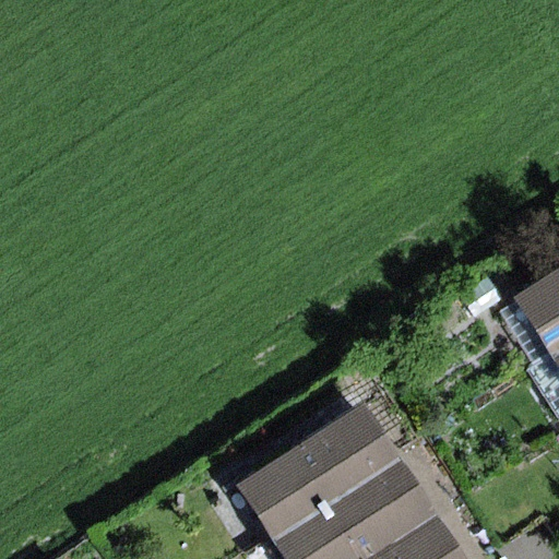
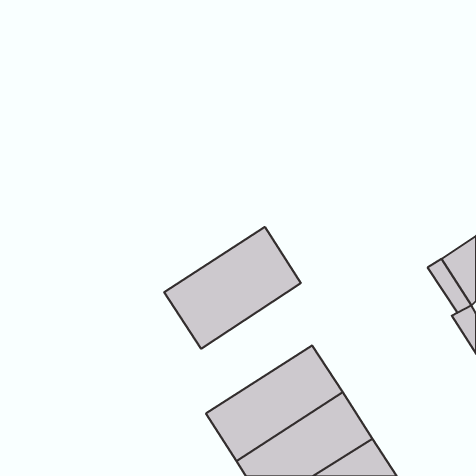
building: none -> [164,227,301,349]

